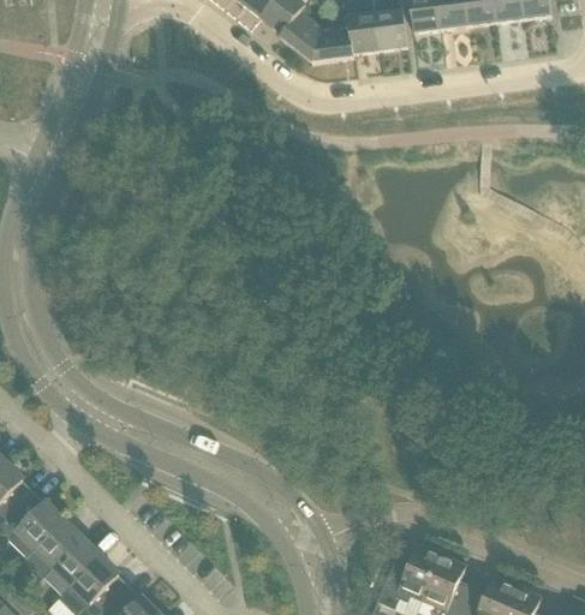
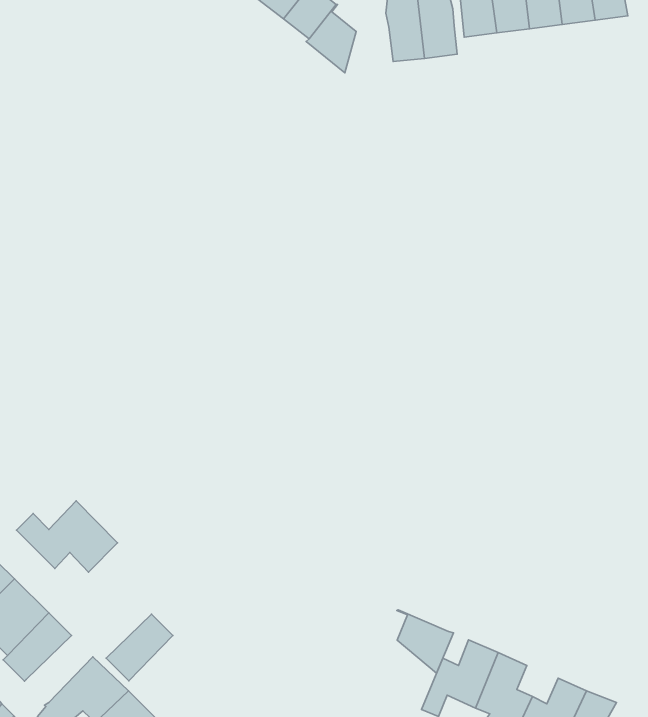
building: [312,25,354,64] -> none
building: none -> [16,501,117,572]
building: none -> [397,610,453,673]
building: [43,539,100,596] -> [106,614,173,681]

